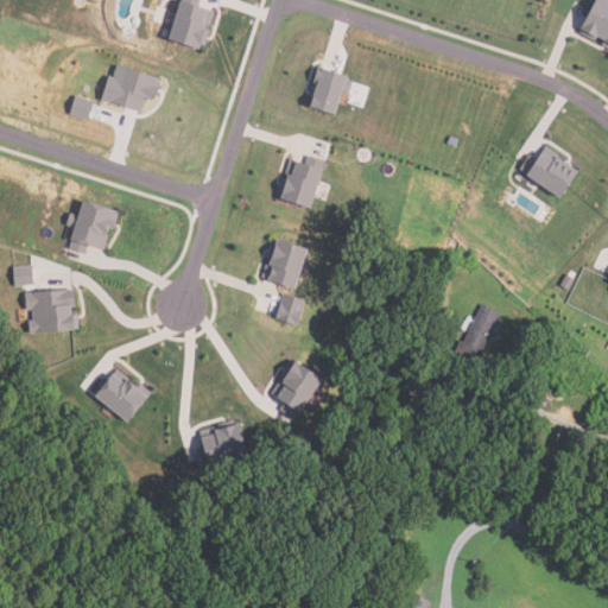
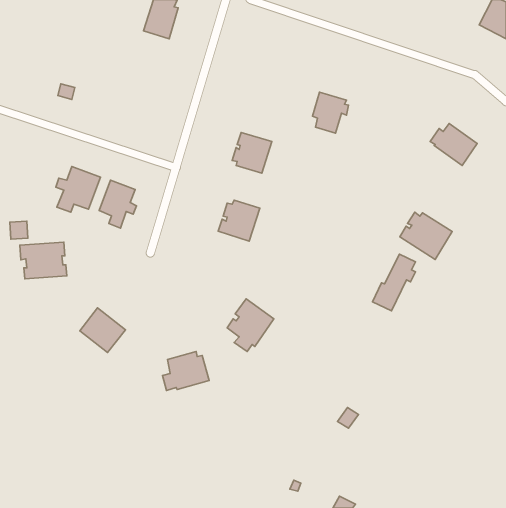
building: [100,61,164,107] -> none
building: [309,65,352,114] -> [313,92,348,133]
building: none -> [99,180,136,228]
building: none -> [400,212,452,259]
building: [276,292,305,324] -> none

